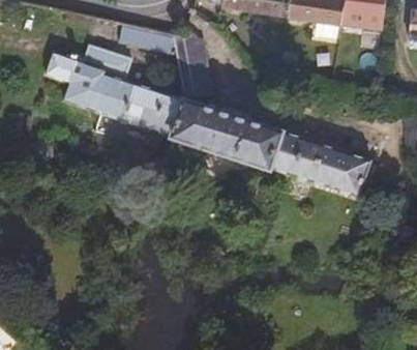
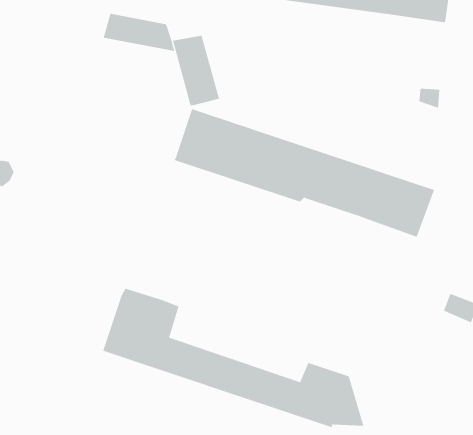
building: [50,40,186,136] -> none
building: none -> [103,288,364,428]

